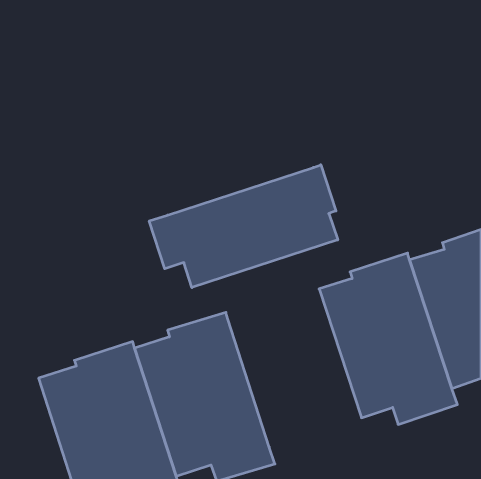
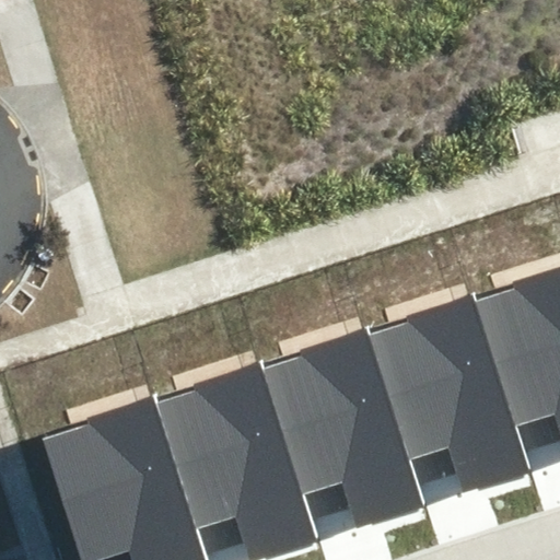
building: [149,165,338,288] -> none
building: none -> [265,330,427,529]

